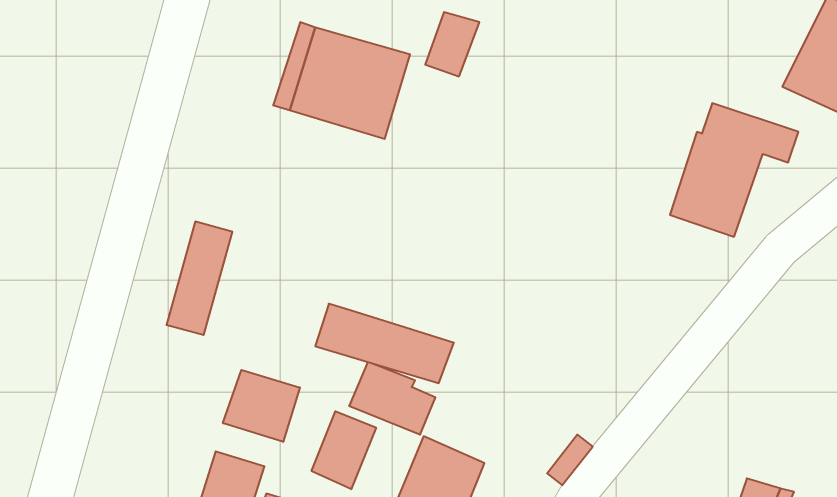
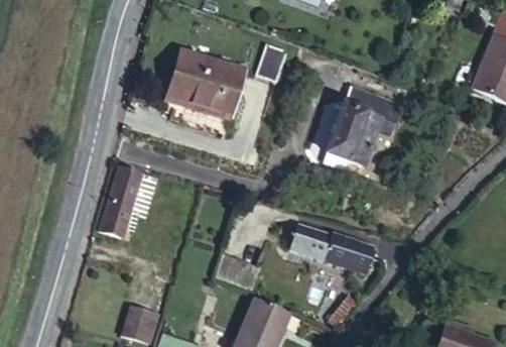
building: [670,103,798,237] -> [327,86,403,165]
building: [315,304,454,383] -> [291,224,374,271]
building: [223,370,300,442] -> none
building: [312,411,376,489] -> none

